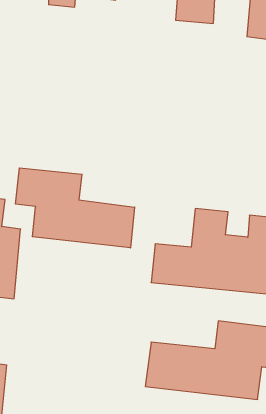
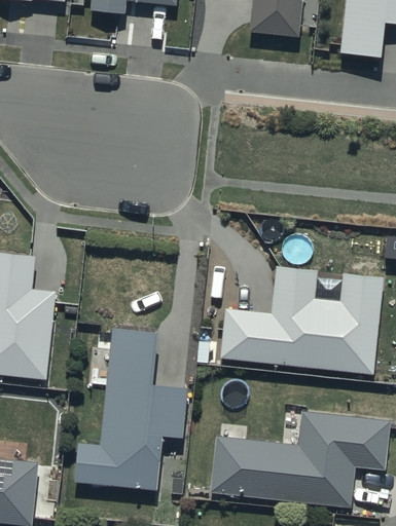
building: [16,168,135,248] -> none
building: none -> [74,328,187,491]

